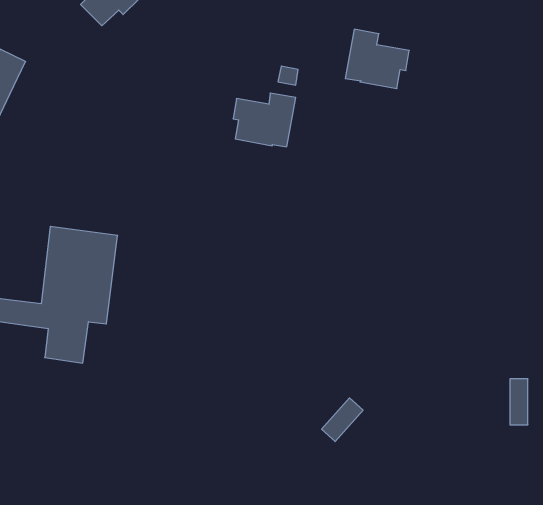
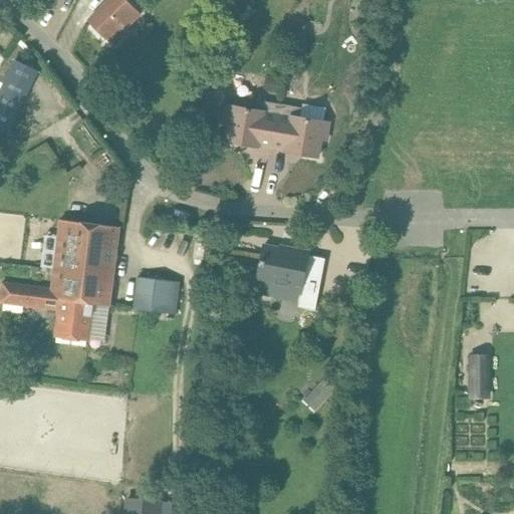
building: [345,29,409,89] -> [271,103,328,157]
building: none -> [254,245,323,309]
building: none -> [135,282,176,317]

